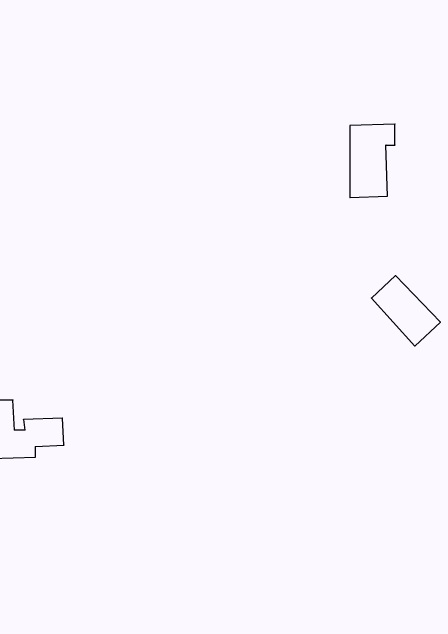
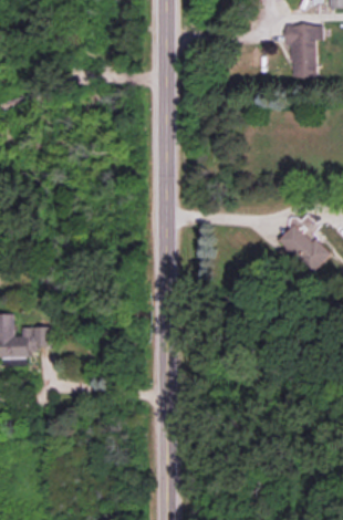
building: [350,124,395,198] -> [288,23,321,77]

